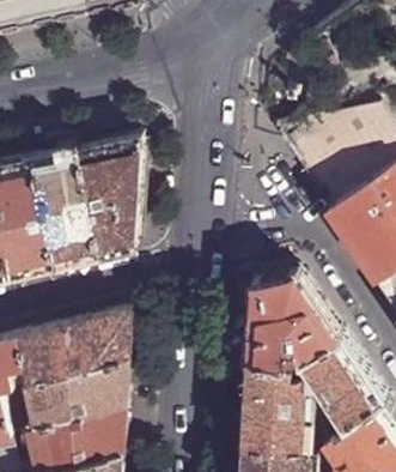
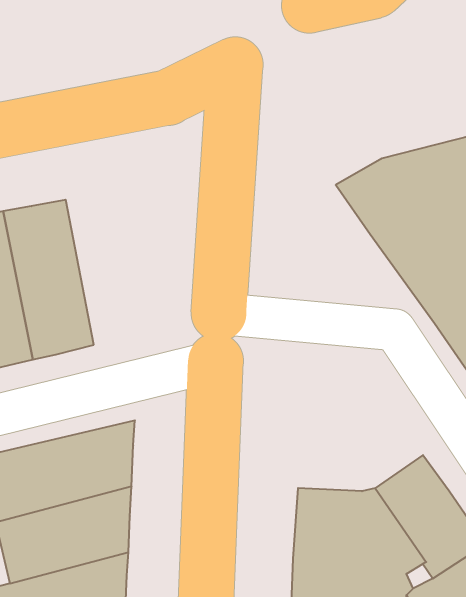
building: [75,140,136,259] -> none
building: [244,274,335,365] -> none

